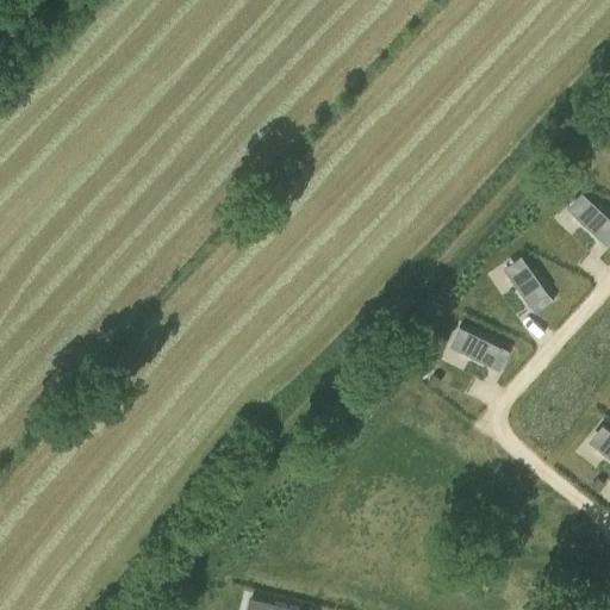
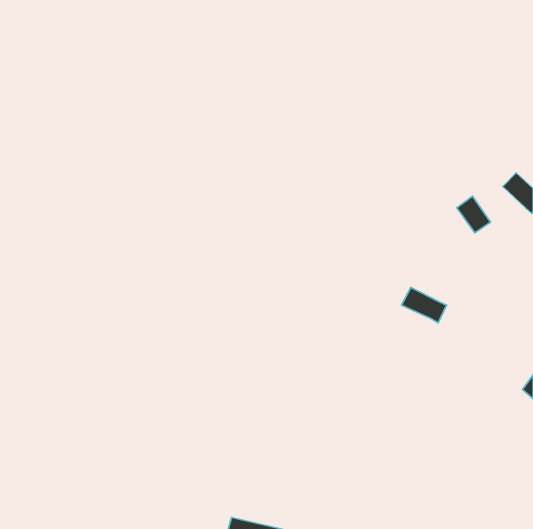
building: [510,266,548,307] -> [457,196,490,233]

